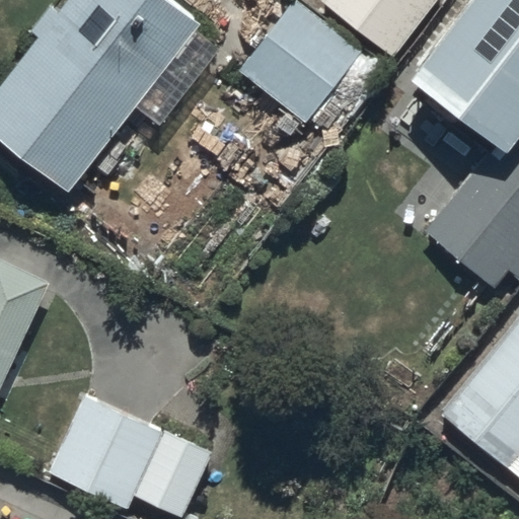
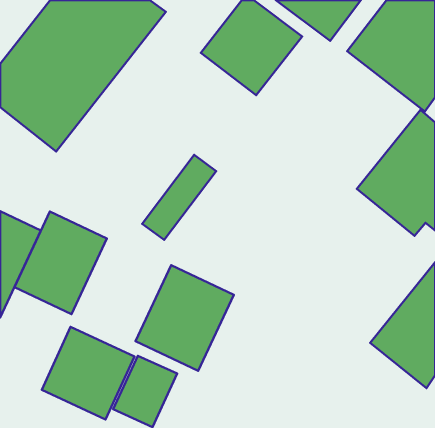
building: none -> [14,211,107,314]
building: none -> [136,265,234,371]

